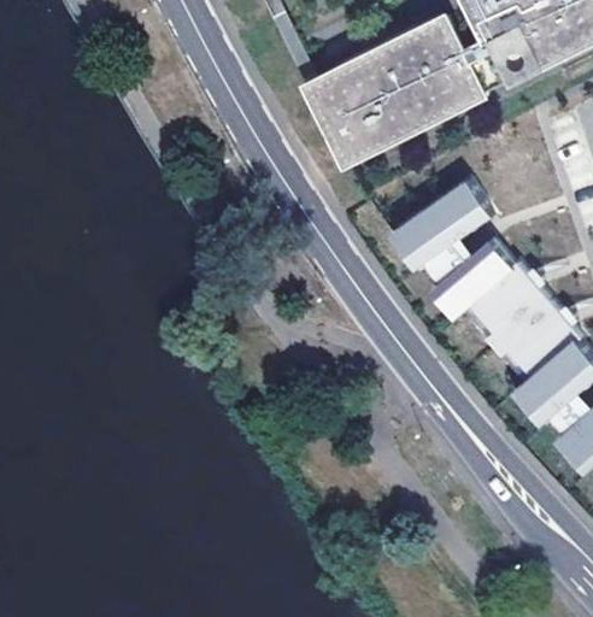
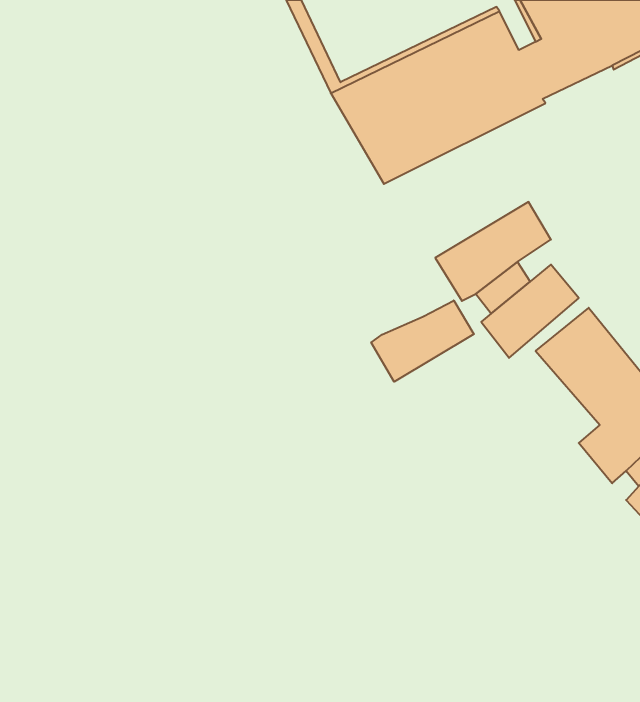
building: none -> [371,300,474,382]

